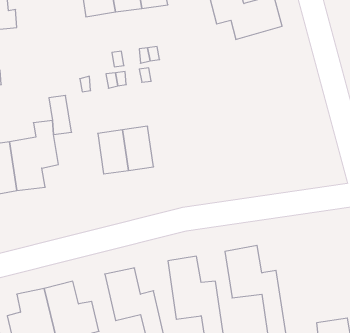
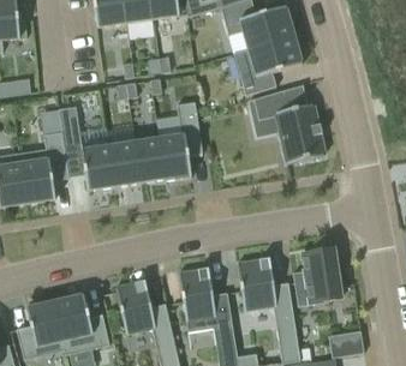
building: none -> [234,37,303,95]
building: none -> [253,91,324,163]
building: none -> [159,102,203,181]
building: none -> [80,145,114,191]
building: none -> [293,248,341,306]

